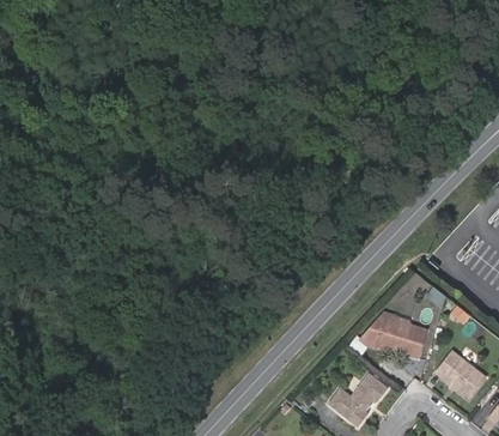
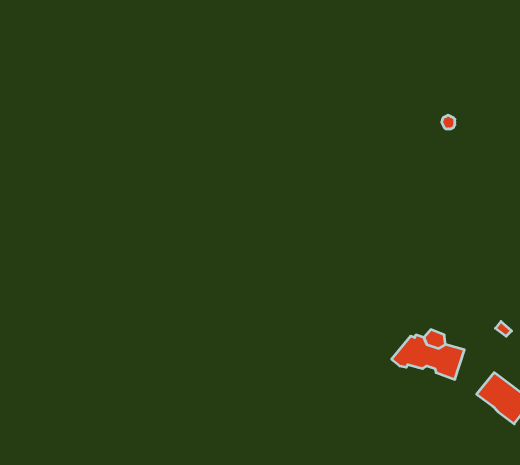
building: [328,373,388,425] -> none

